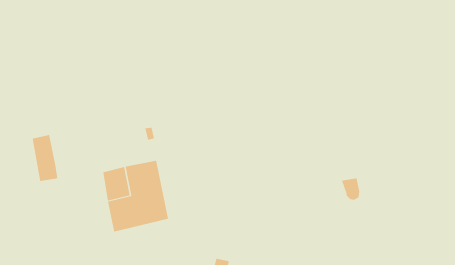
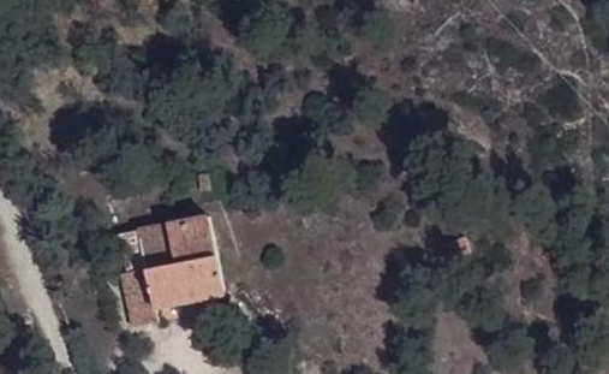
building: [32,135,58,181] -> [121,267,155,327]

